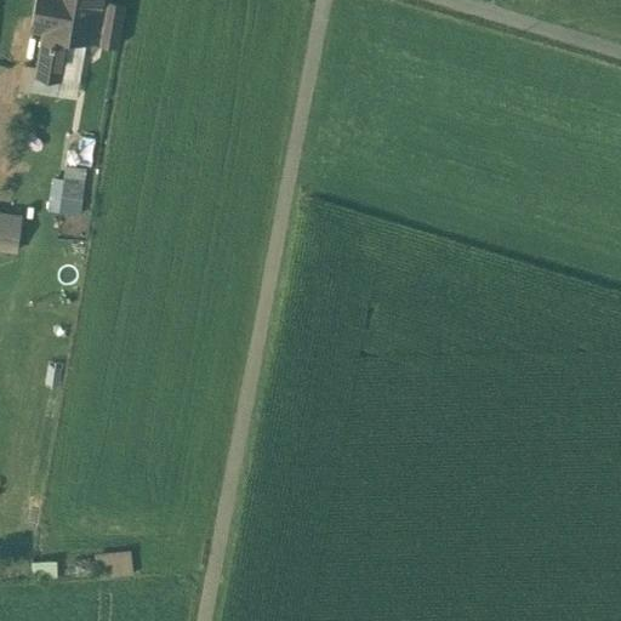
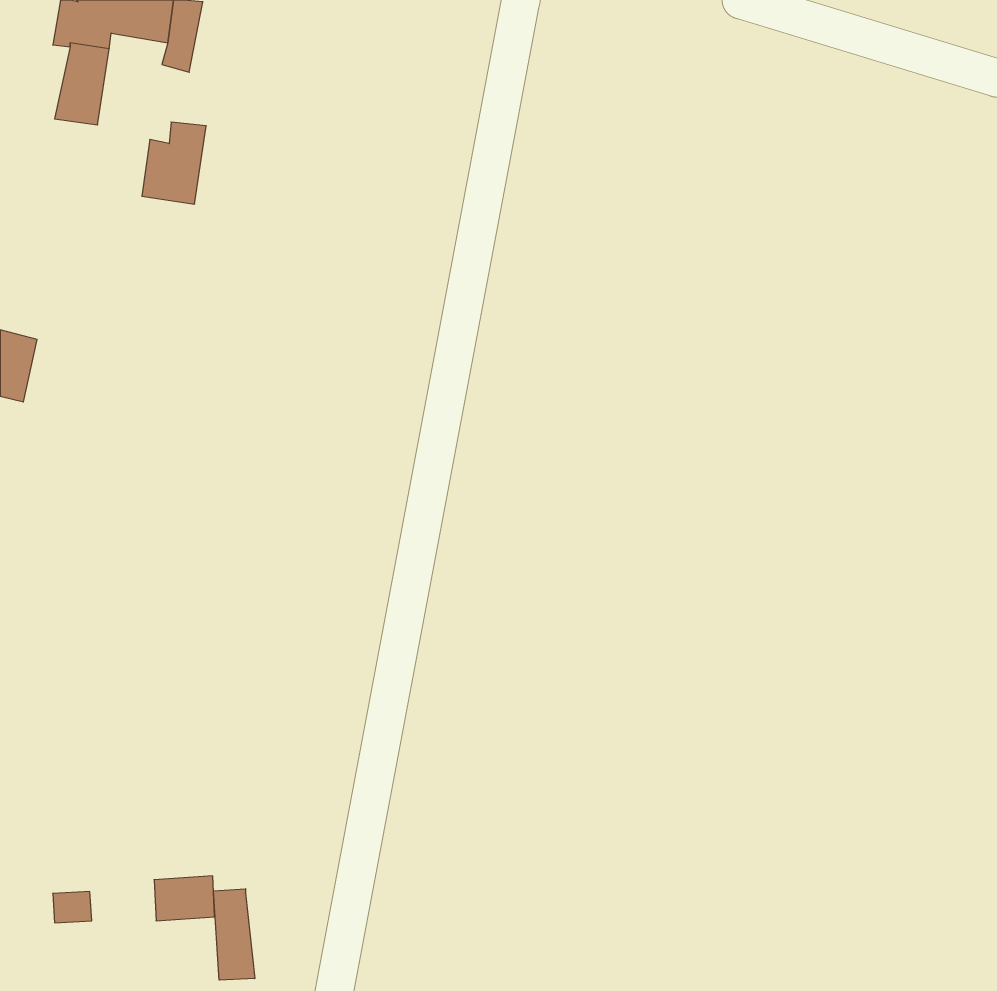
building: [47,164,87,215] -> [142,122,206,204]
building: none -> [213,889,255,980]

